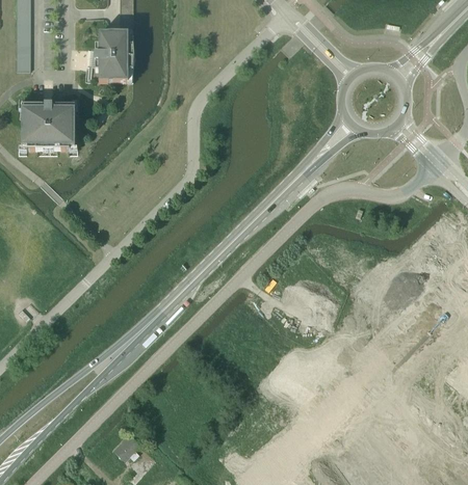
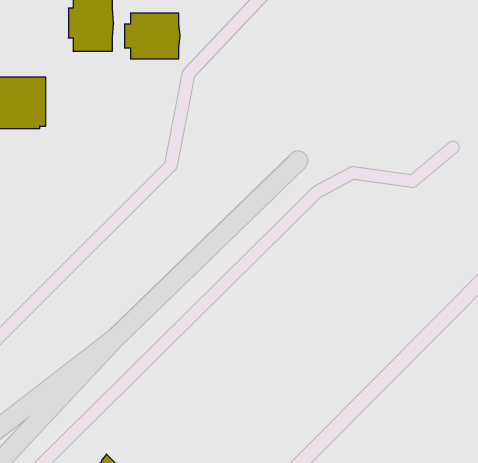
building: none -> [125,13,180,59]

